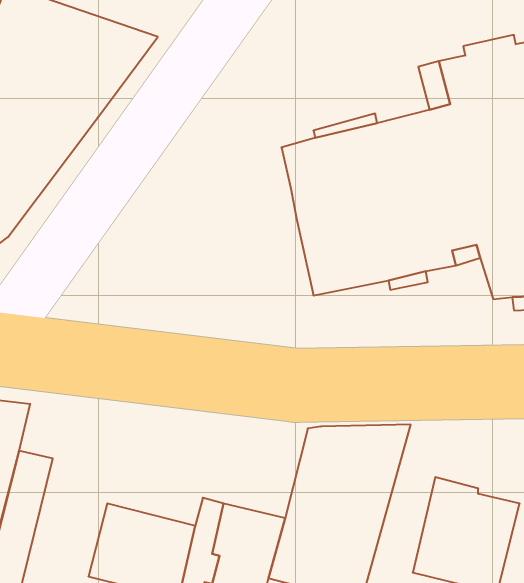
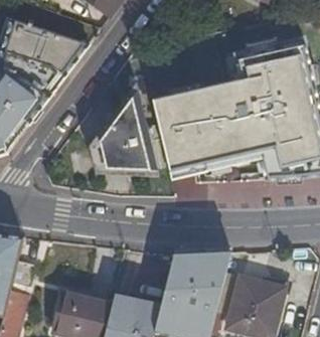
building: none -> [90,81,165,176]

